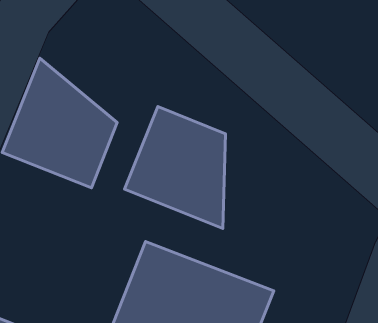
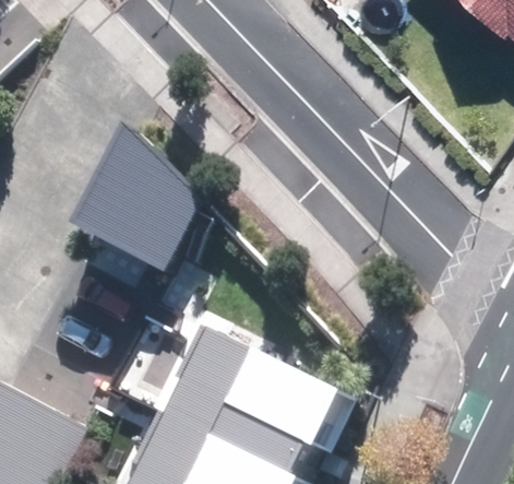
building: [124,106,225,228] -> none

